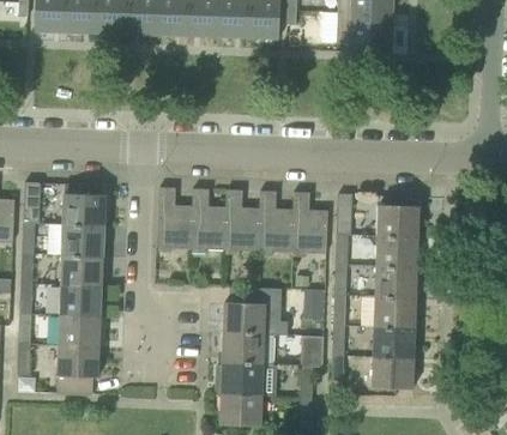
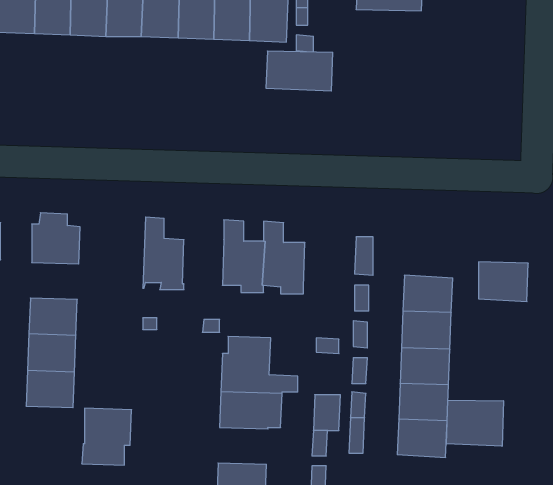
building: [336,12,392,46] -> [266,51,333,91]
building: [191,188,225,249] -> none
building: [292,192,327,253] -> none
building: [378,205,420,238] -> [479,262,528,302]
building: [62,225,103,256] -> none
building: none -> [447,400,503,446]
building: [56,346,98,394] -> [82,408,132,465]
building: [216,364,262,395] -> none

